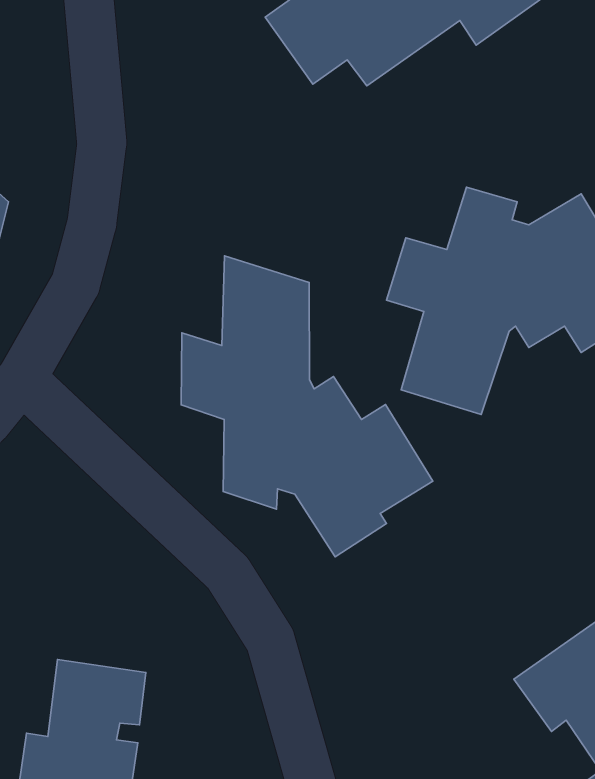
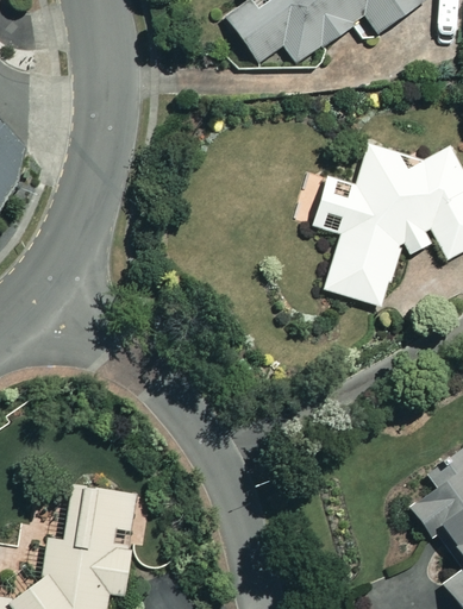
building: [181,256,433,557] -> none

